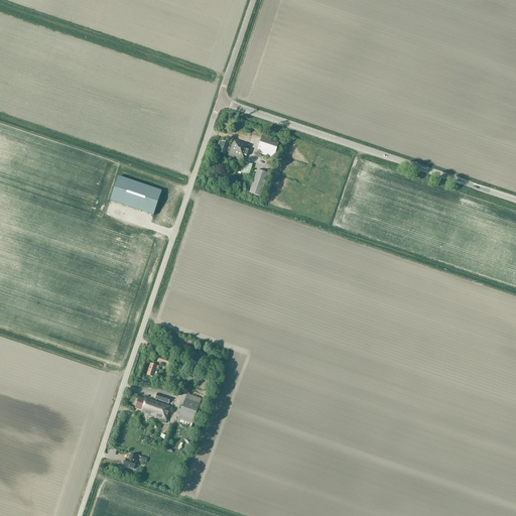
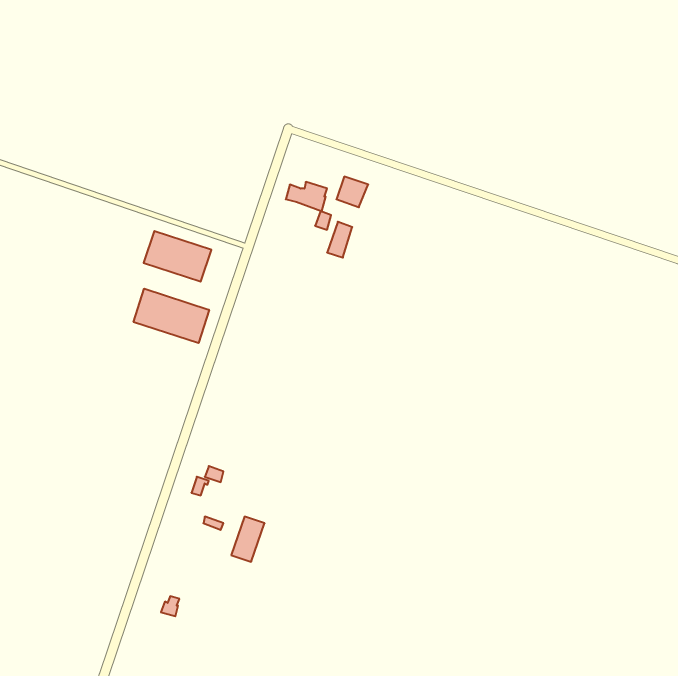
building: none -> [134,289,209,343]
building: [134,396,169,421] -> none

